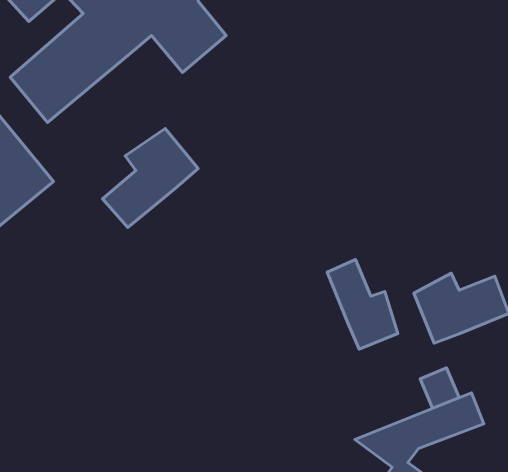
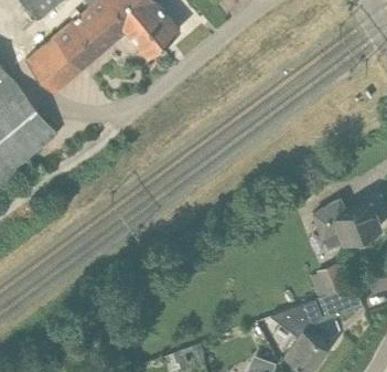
building: [102,129,198,227] -> none
building: [327,259,398,349] -> none

